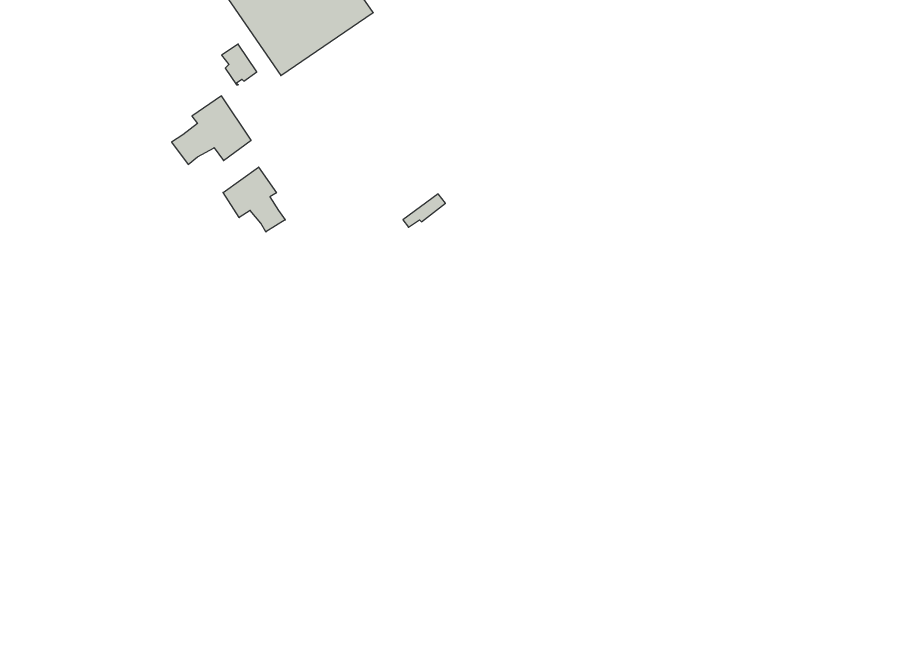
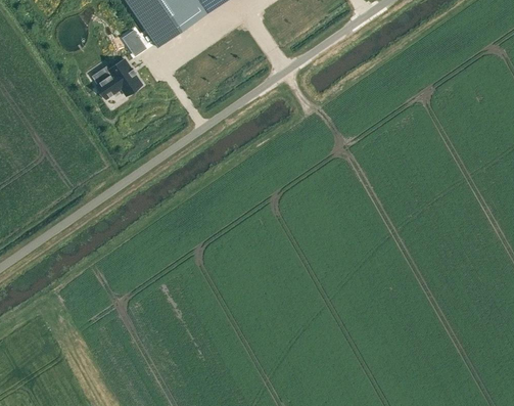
building: [223,167,285,232] -> none

